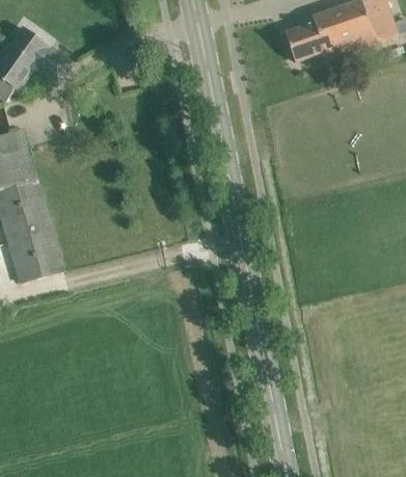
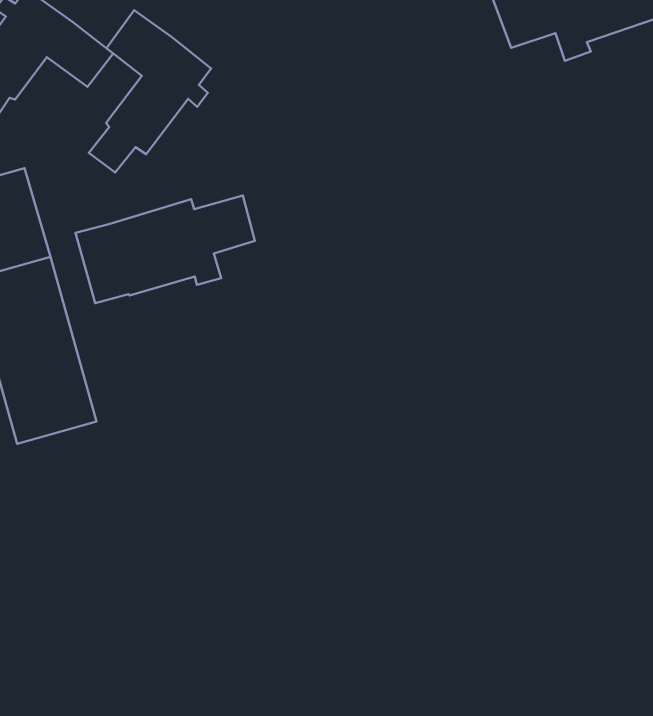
building: none -> [89,10,211,173]
building: none -> [76,196,255,303]

